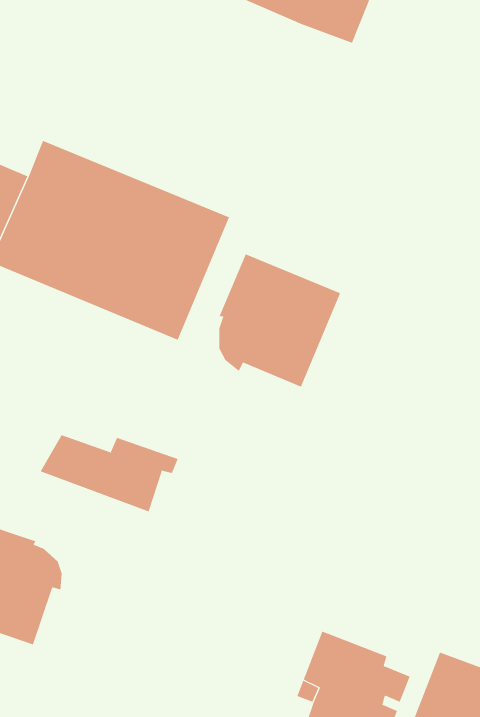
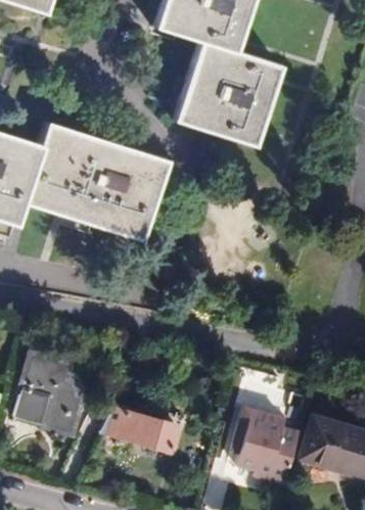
building: none -> [178,42,281,144]
building: [219,253,341,388] -> none
building: [40,435,179,512] -> [102,409,186,453]

